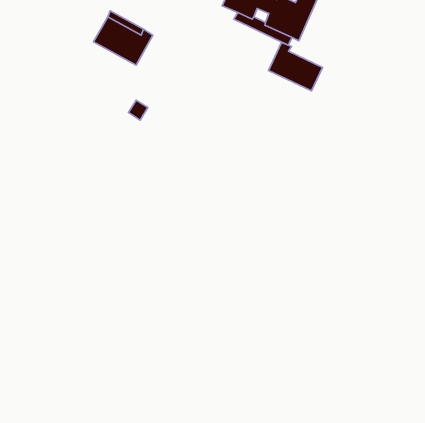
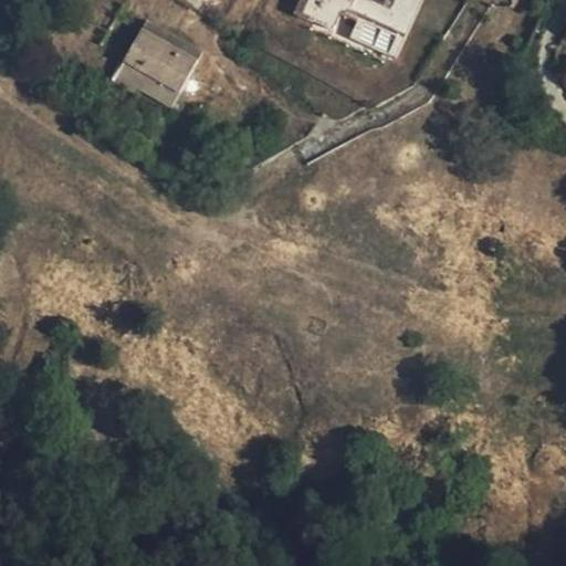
building: none -> [113,55,180,101]
building: [268,42,322,91] -> none

